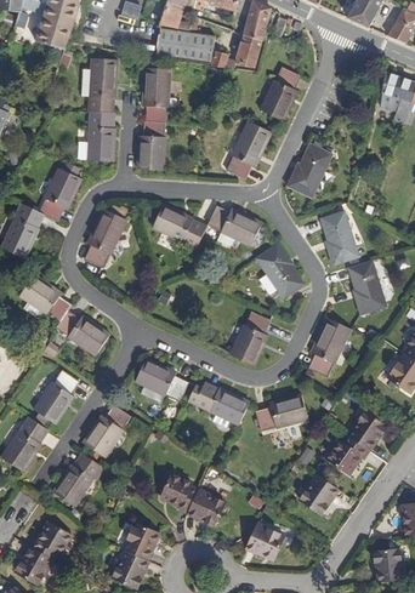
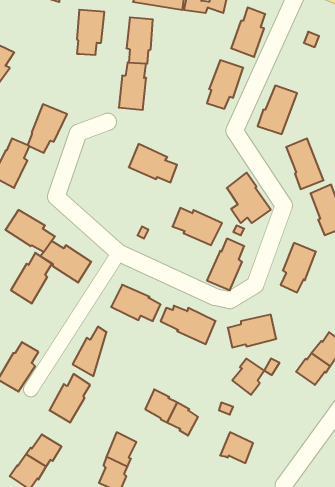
building: [76,109,115,161] -> none
building: [83,209,123,263] -> none
building: [201,210,256,251] -> [172,208,222,245]
building: [32,375,76,431] -> [11,253,52,303]
building: [305,481,340,521] -> [232,359,264,395]

